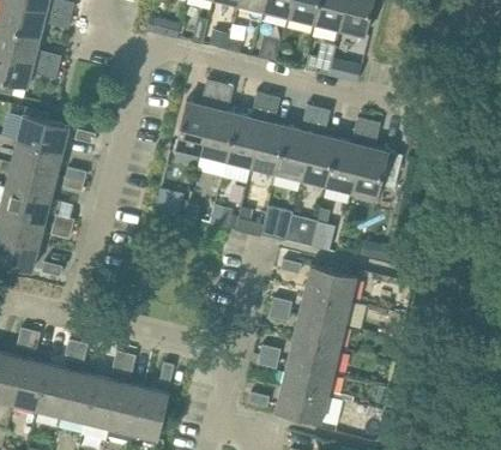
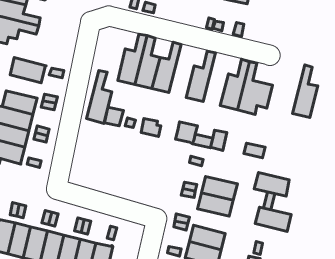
building: [251,96,288,174] -> [87,71,112,123]
building: [301,108,338,186] -> [293,65,318,118]
building: [11,140,62,175] -> none
building: [304,266,356,301] -> [254,173,289,196]
building: [286,338,339,374] -> [255,207,291,232]

